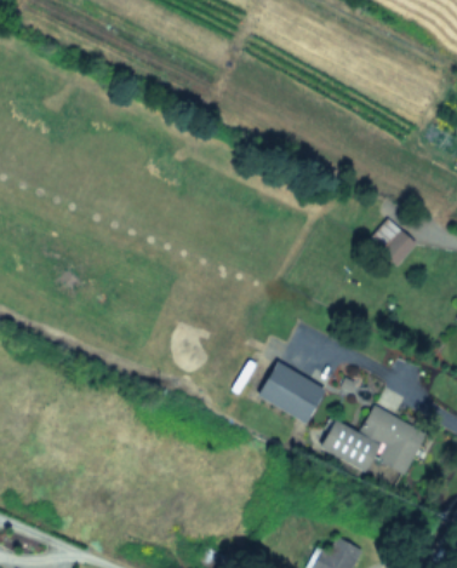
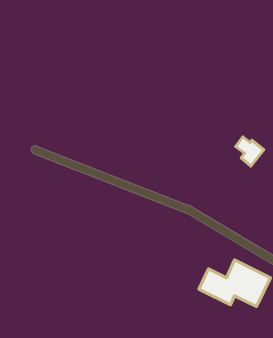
building: [258,362,326,424] -> none

